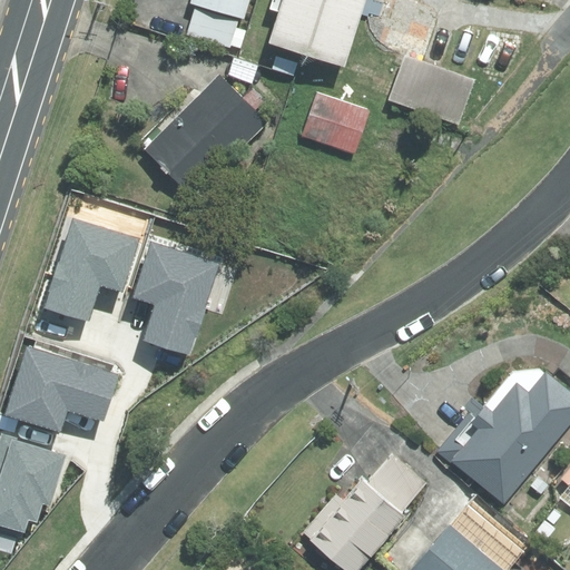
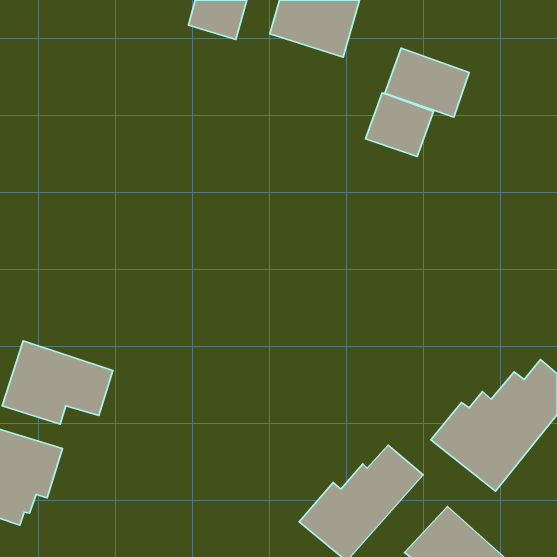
building: [146,68,273,196] -> none
building: [303,89,372,154] -> [366,93,434,156]
building: [42,226,131,324] -> none
building: [128,246,205,350] -> none

